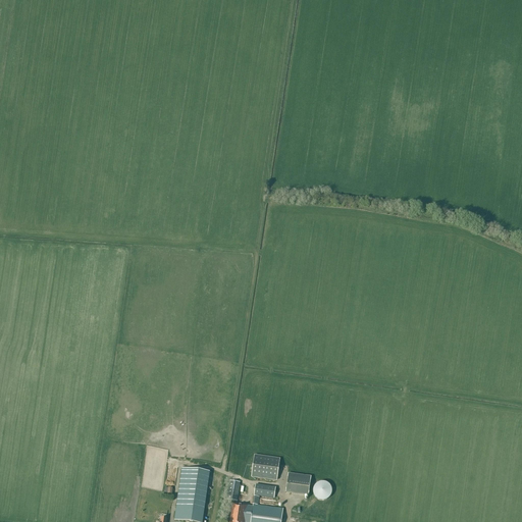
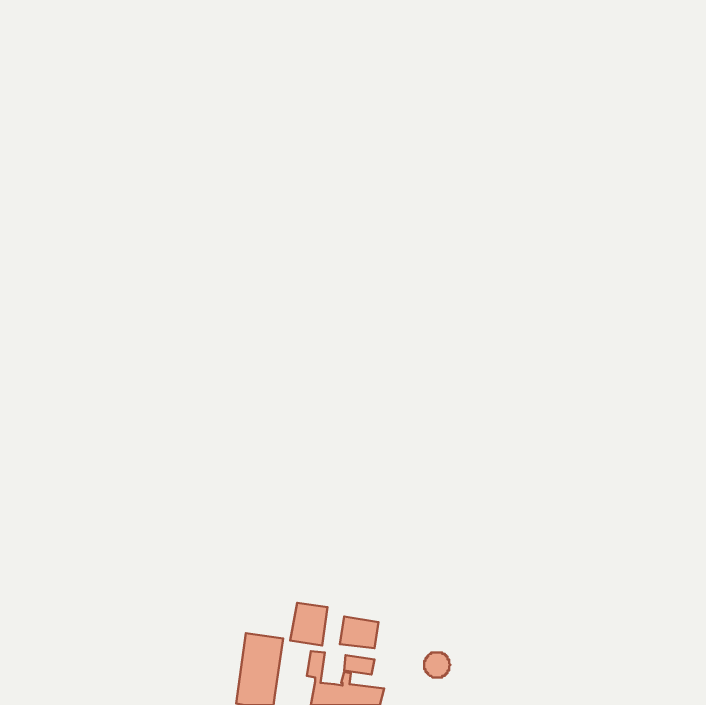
building: none -> [290,603,328,645]
building: [285,472,311,493] -> none

